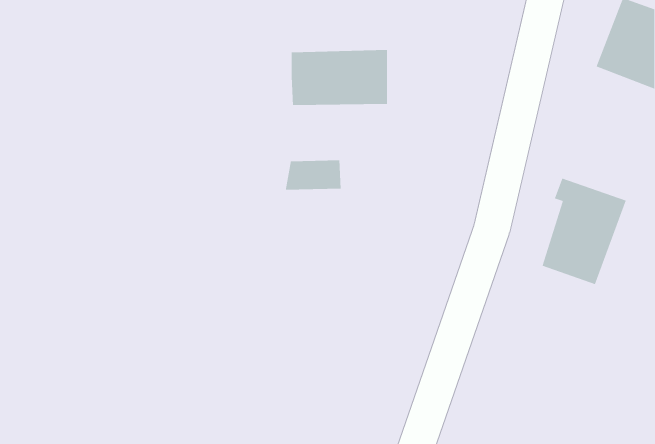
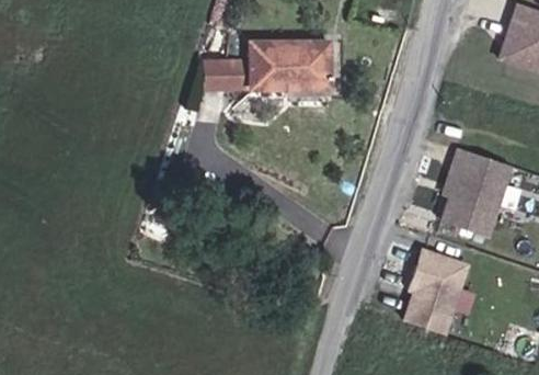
building: [285,160,341,191] -> [197,65,243,90]
building: none -> [412,251,475,337]

